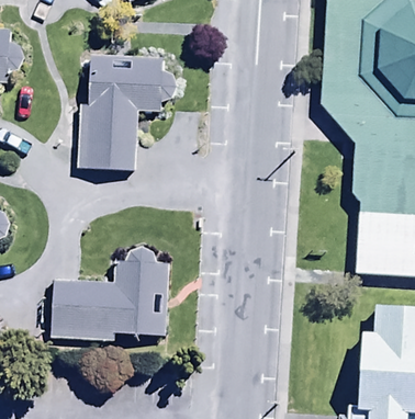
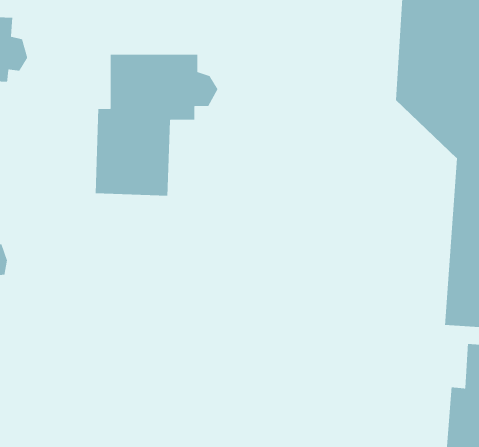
building: [47,249,168,340] -> none

